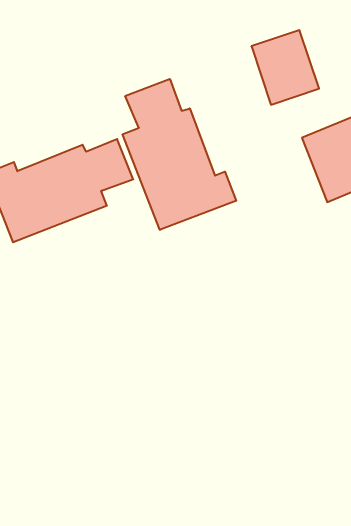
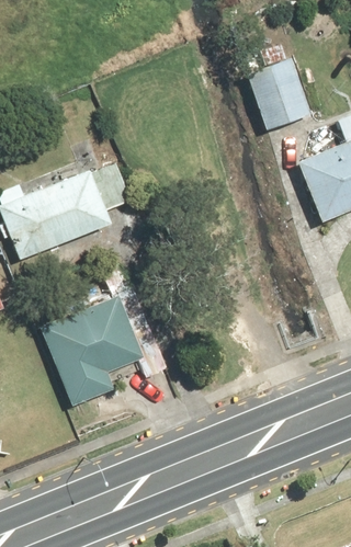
building: [123,79,236,230] -> none
building: none -> [37,292,143,407]

